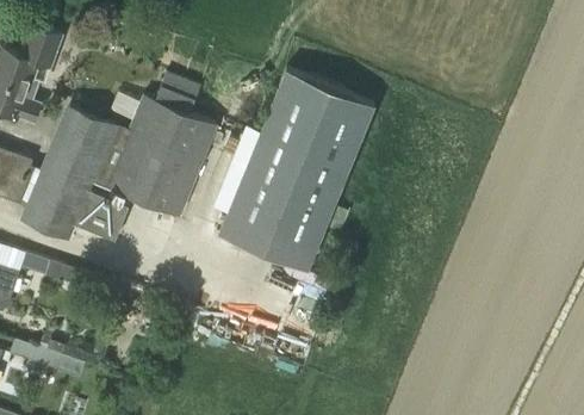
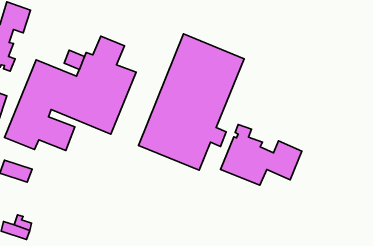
building: none -> [220,124,302,185]

